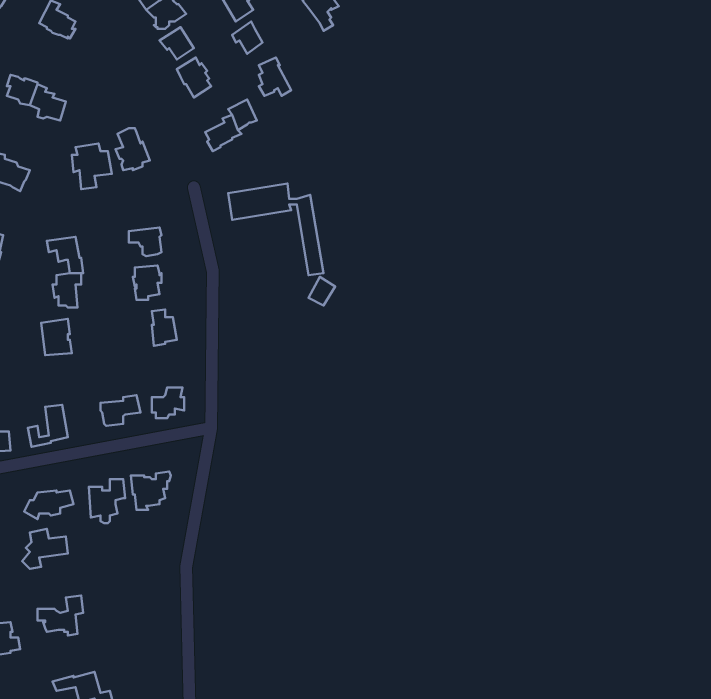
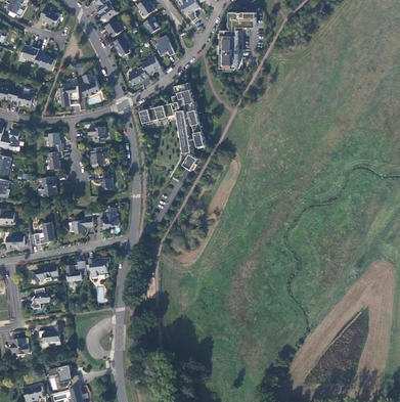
building: none -> [221,10,249,69]
building: none -> [175,83,205,146]

